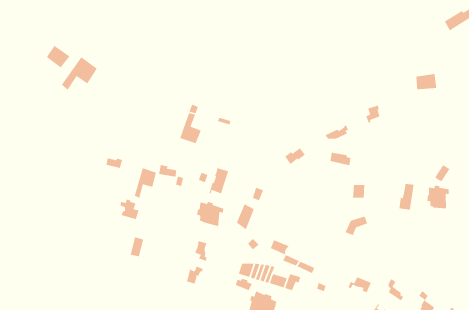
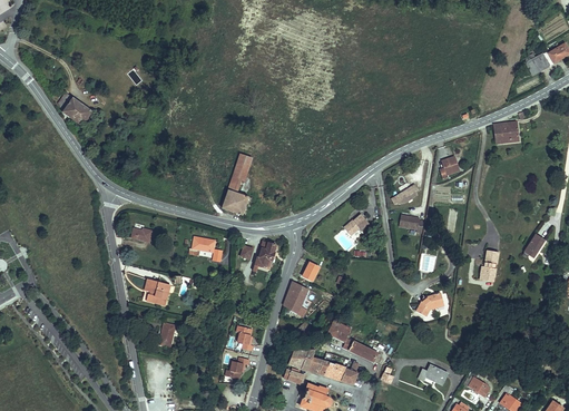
building: [61,56,98,91] -> none
building: [134,167,157,199] -> none
building: [427,185,449,209] -> none
building: [196,201,224,227] -> none

